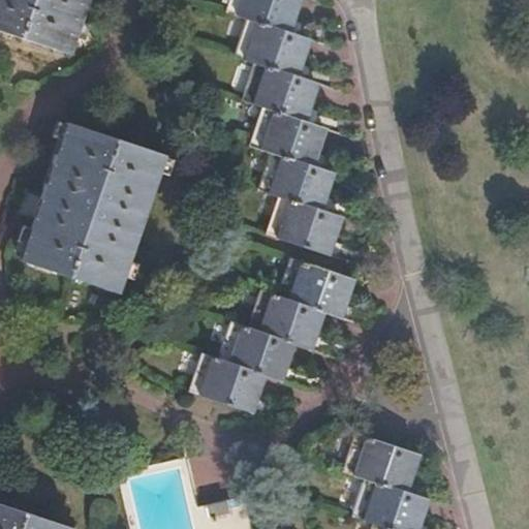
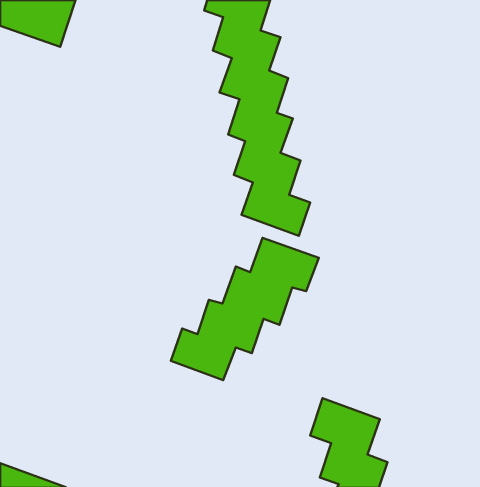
building: [25,122,168,295] -> none

